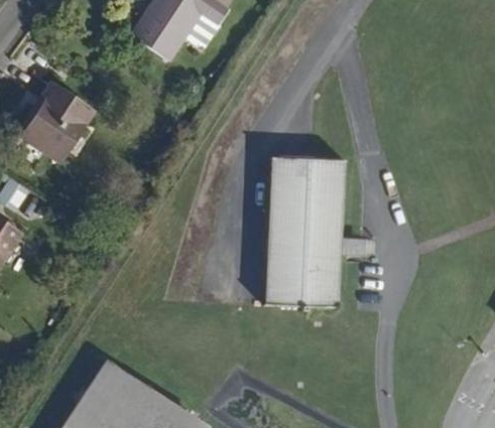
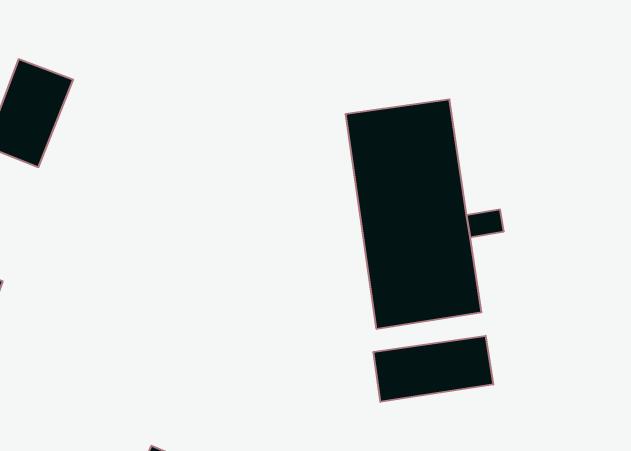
building: none -> [373,336,493,402]

